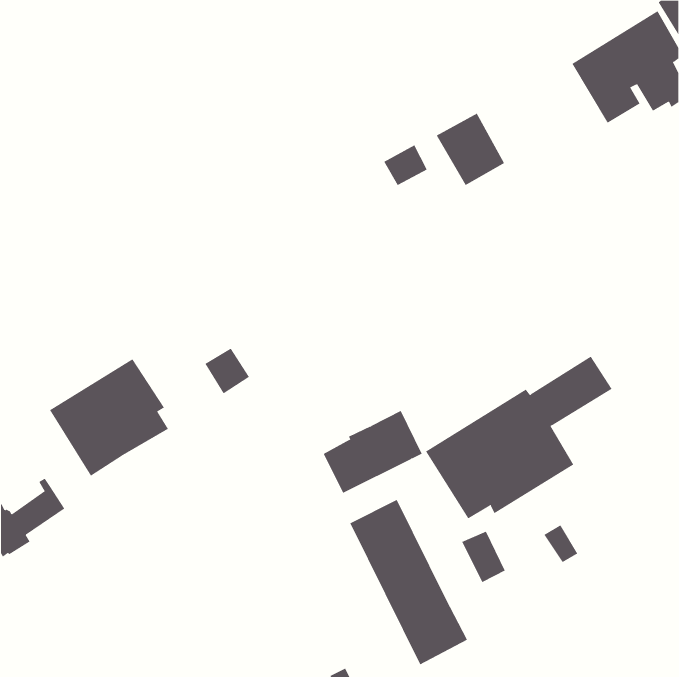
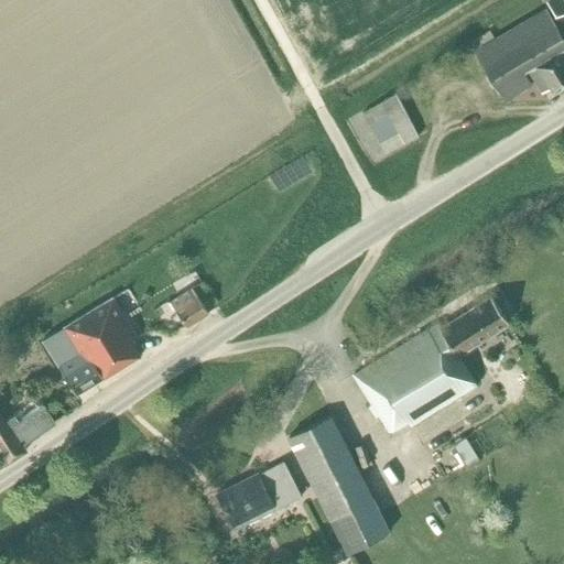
building: [384,144,428,186] -> none
building: [323,410,422,494] -> [218,460,301,530]
building: [462,531,506,583] -> none

